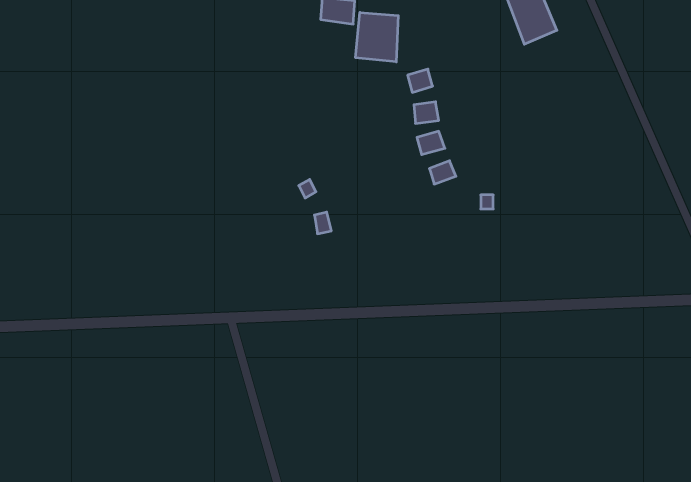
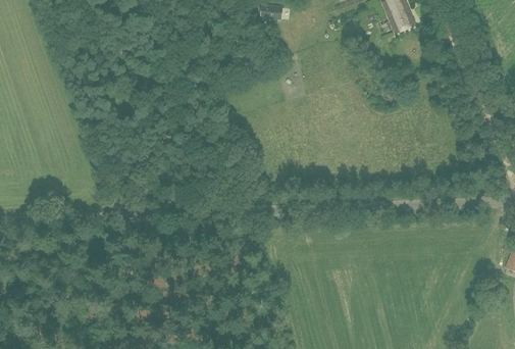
building: [356,12,398,62] -> none

